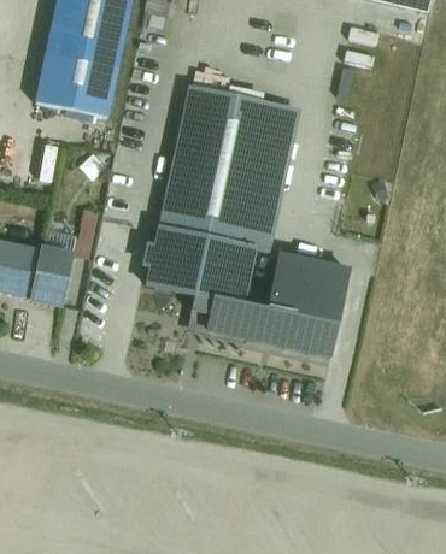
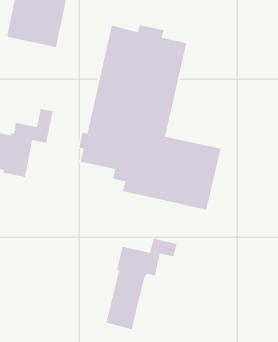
building: none -> [106,238,178,330]

